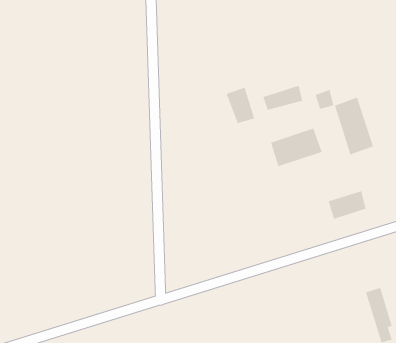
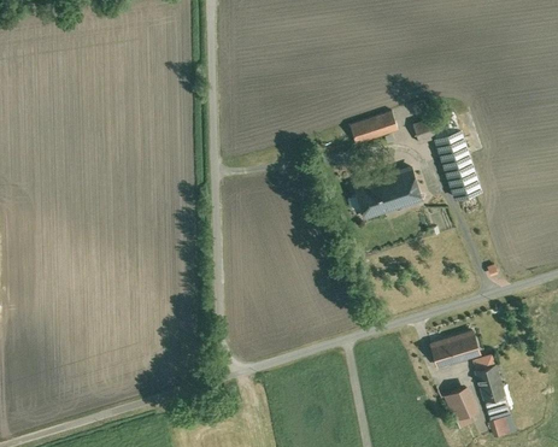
building: [226,87,255,124] -> none
building: [328,190,367,220] -> [429,331,477,367]
building: none -> [445,387,477,420]

